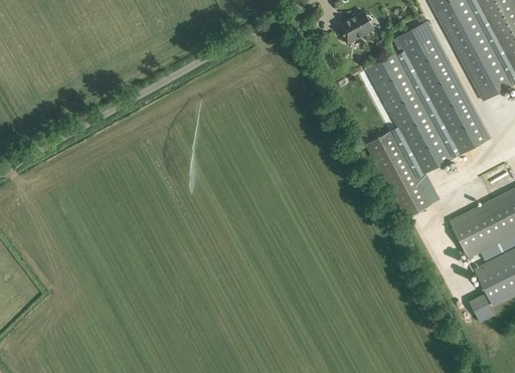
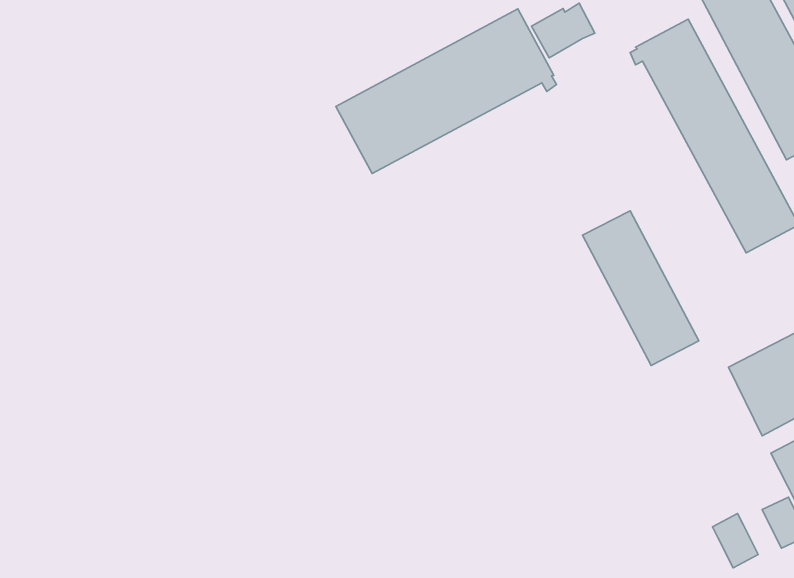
building: none -> [336,9,557,173]
building: [366,53,457,176] -> none
building: none -> [713,513,758,568]

